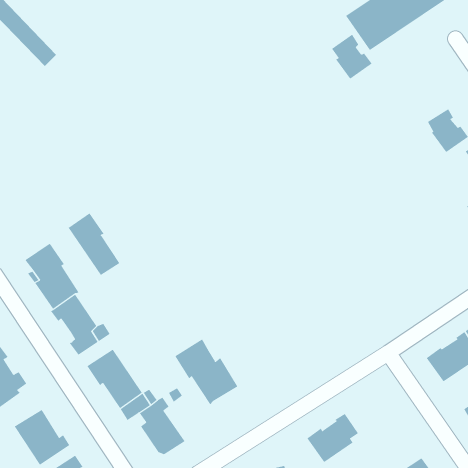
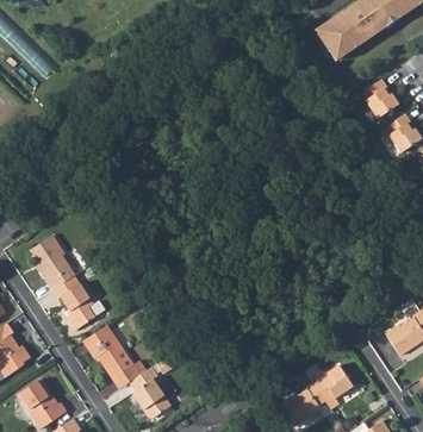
building: [331,34,373,80] -> [362,77,399,118]
building: [68,212,120,276] -> none
building: [175,339,238,405] -> none
building: none -> [313,364,353,408]

